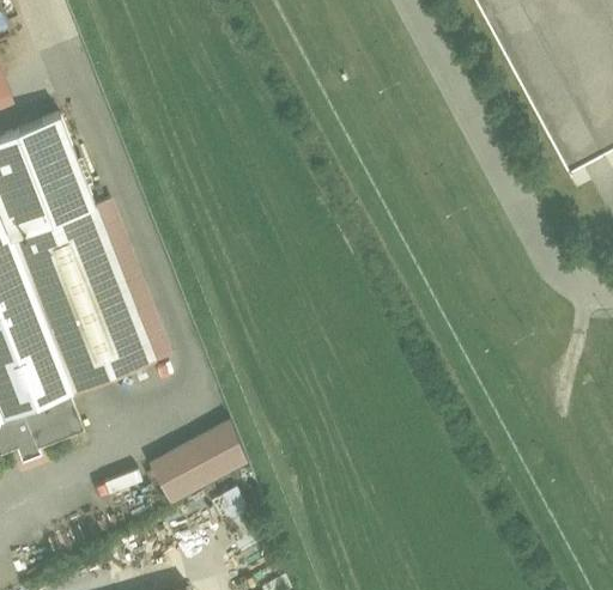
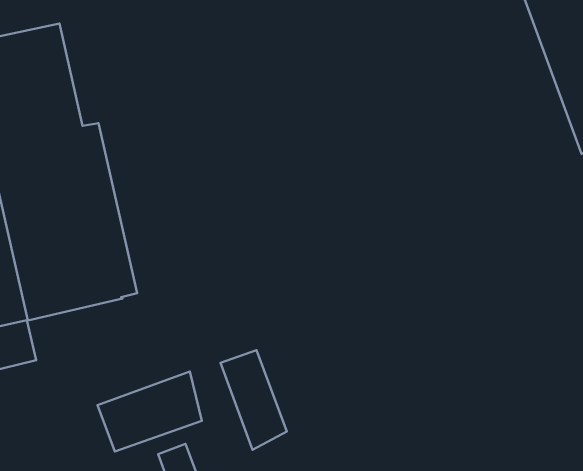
building: none -> [221,350,287,450]

